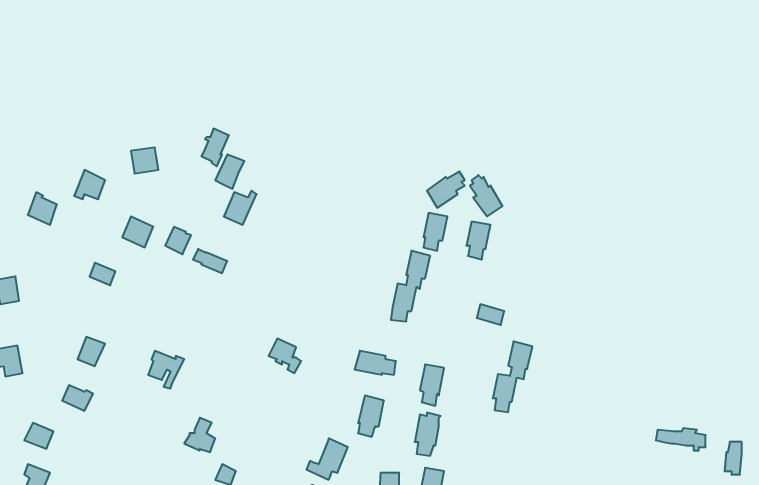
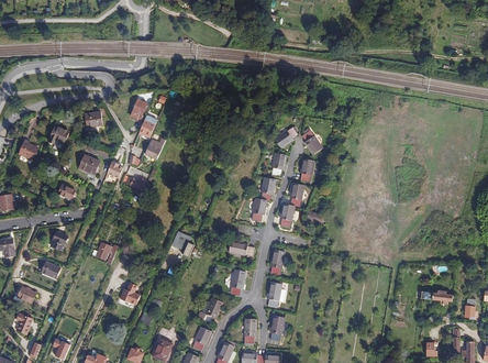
building: [493,341,532,412] -> [279,182,304,227]

